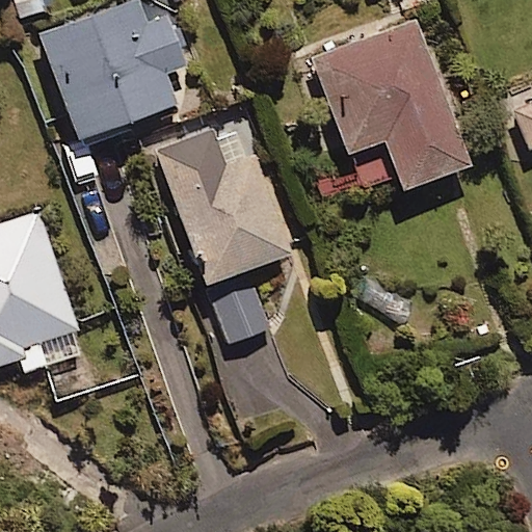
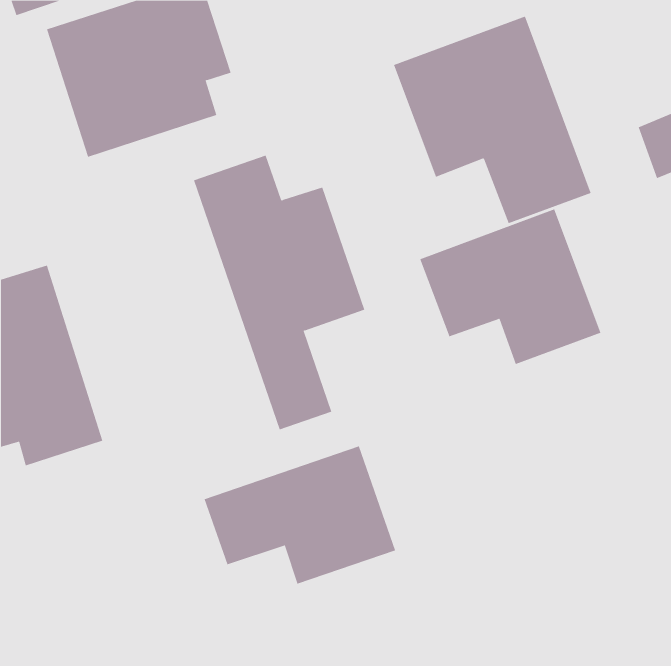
building: none -> [420,209,601,365]
building: none -> [204,445,396,584]

